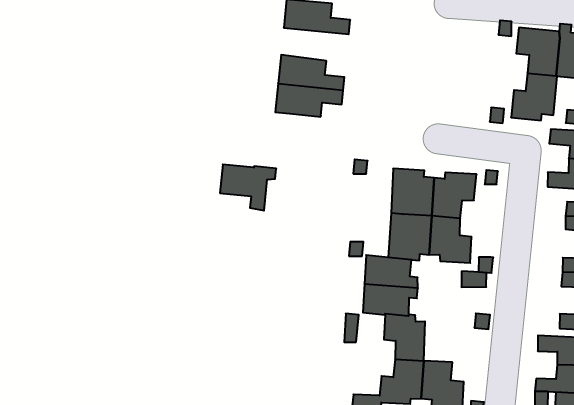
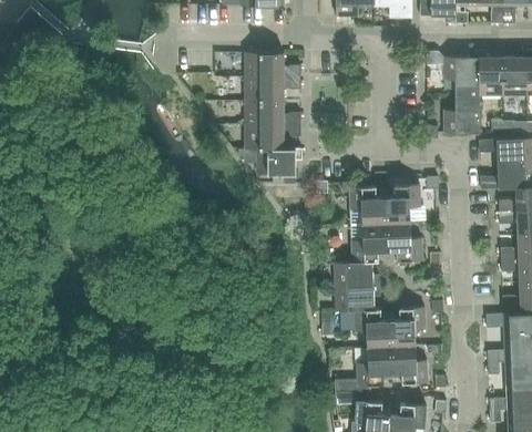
building: none -> [245,75,300,100]
building: [220,164,276,211] -> [257,146,303,183]
building: none -> [389,305,426,344]

